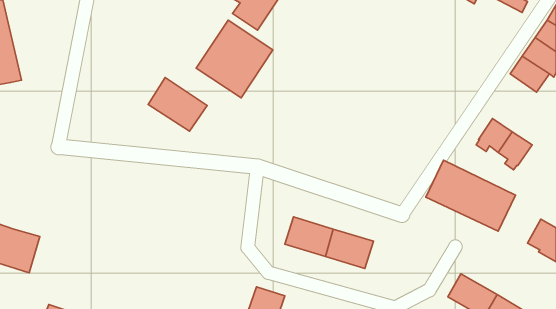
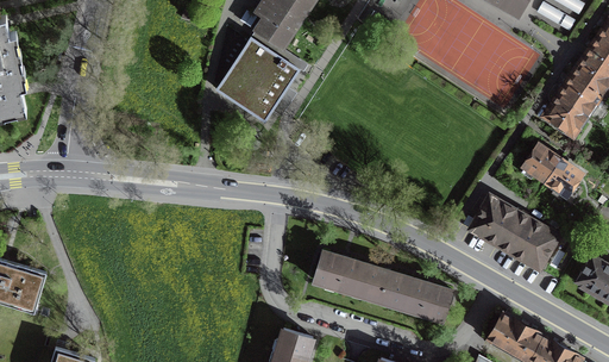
building: none -> [544,95,586,136]
building: [148,78,207,131] -> none
building: none -> [400,277,453,320]

